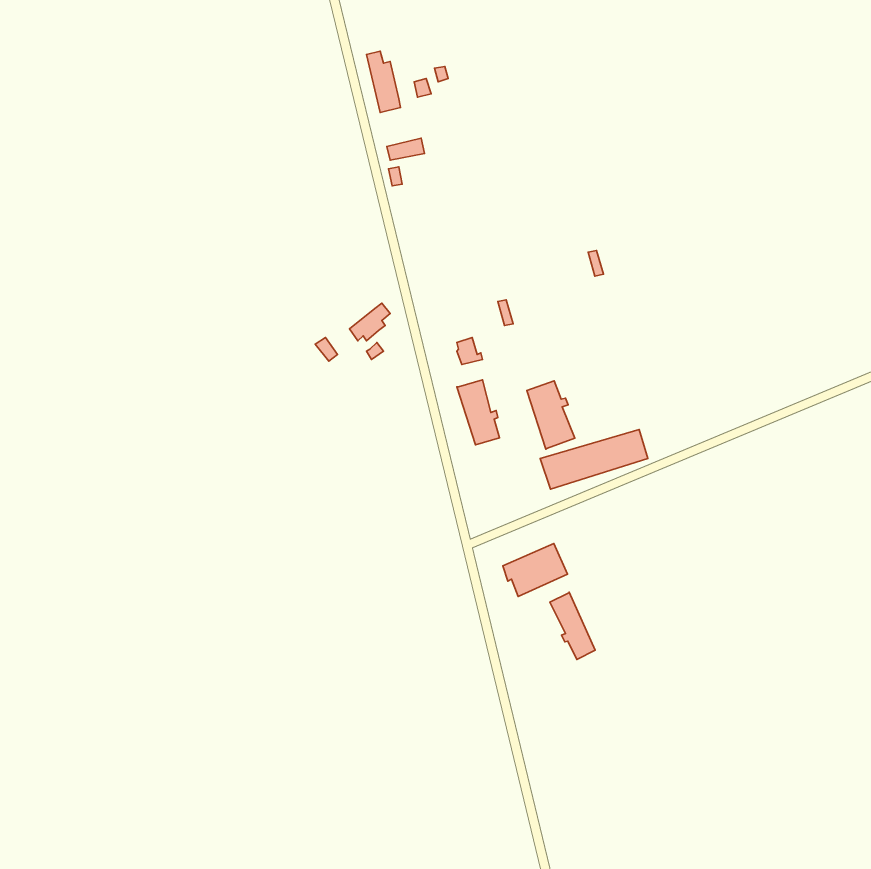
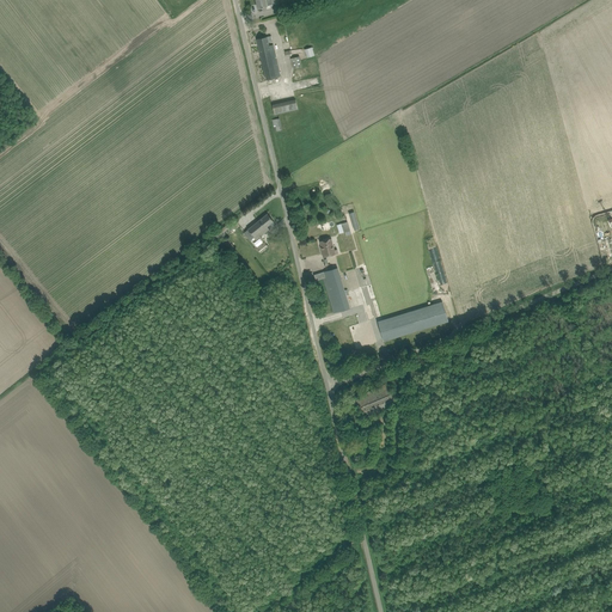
building: [527,381,575,449] -> none
building: [550,592,595,659] -> none

